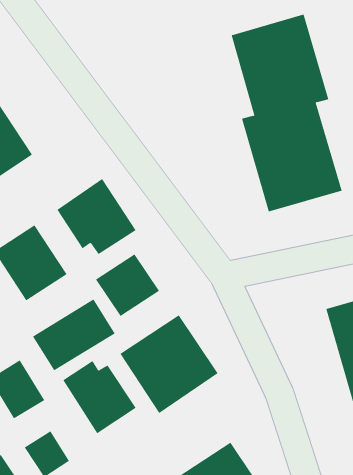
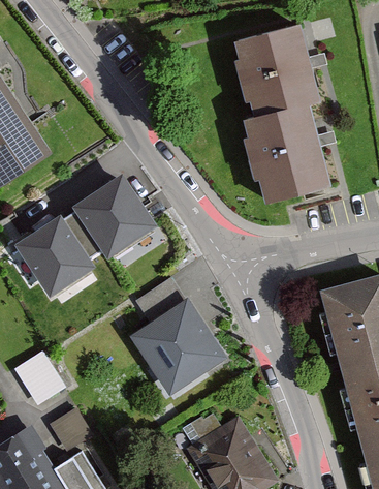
building: [95,253,160,317] -> none
building: [32,299,115,371] -> none
building: [62,360,137,434] -> none

